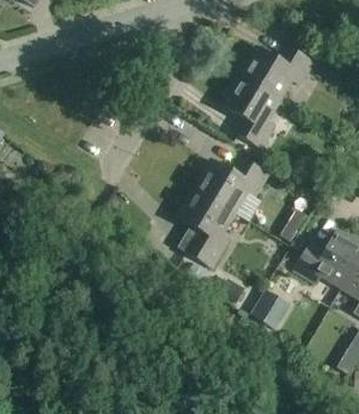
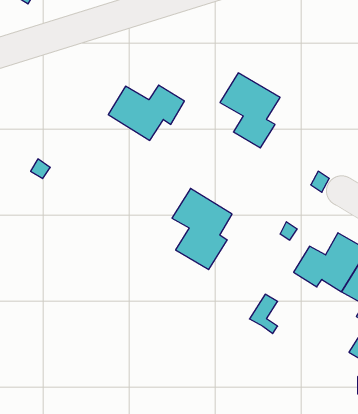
building: [239,45,314,98] -> none
building: [193,158,267,212] -> [108,85,184,140]

